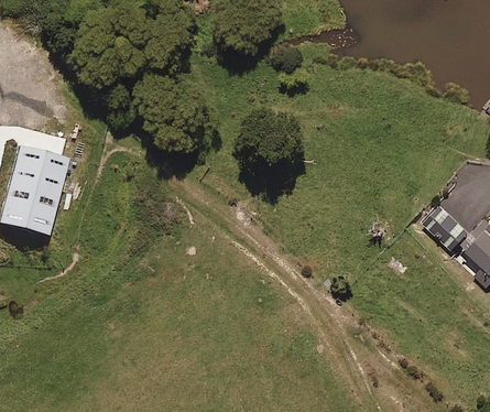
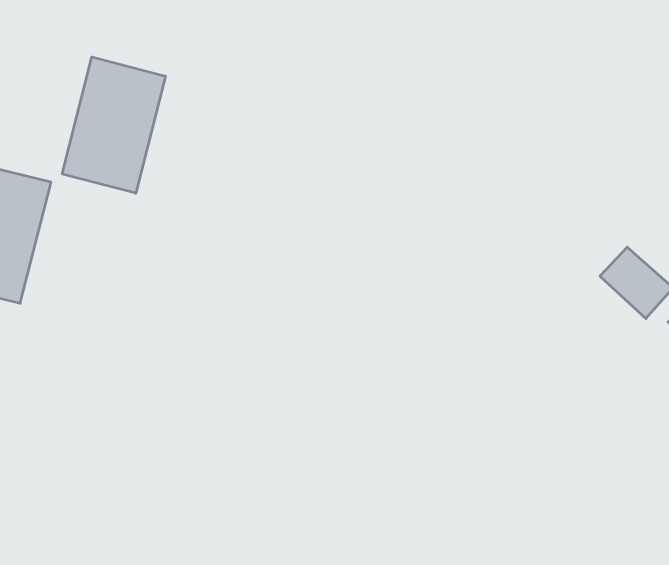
building: none -> [62,57,165,193]

